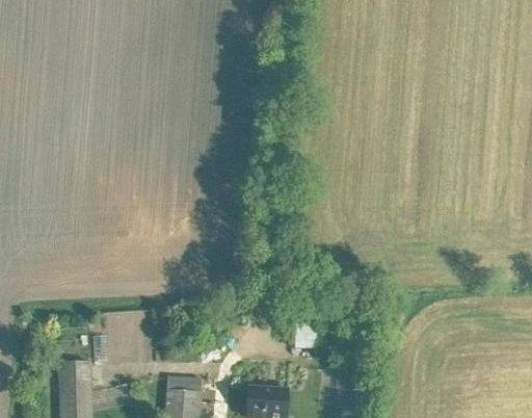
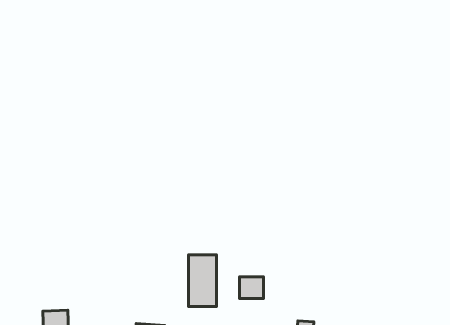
building: none -> [188,255,217,307]

